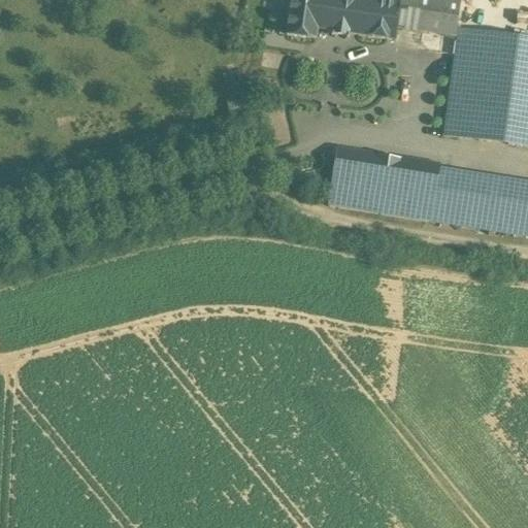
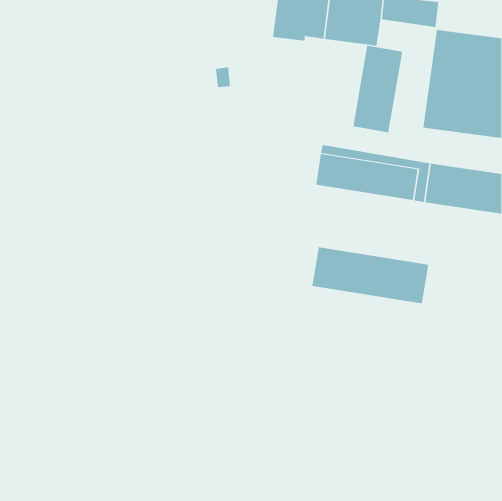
building: none -> [353,45,403,133]
building: none -> [312,246,429,304]

